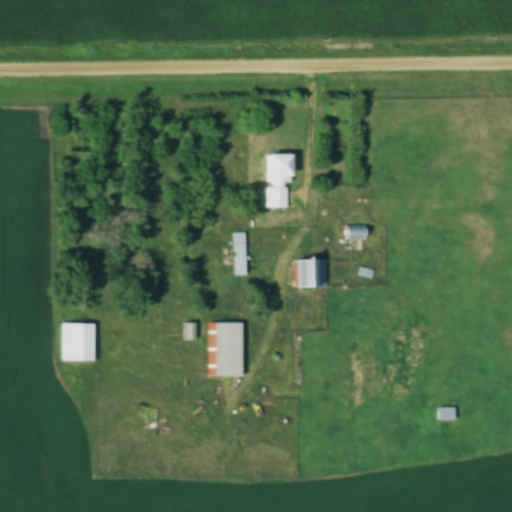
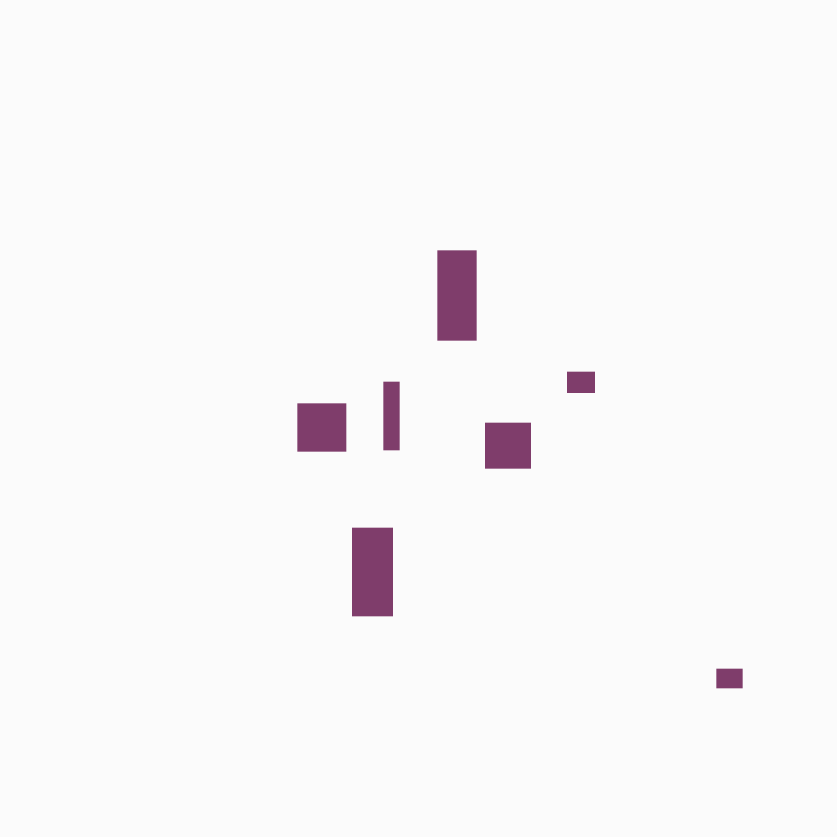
building: none -> [296,403,347,453]
building: [64,322,95,361] -> none

